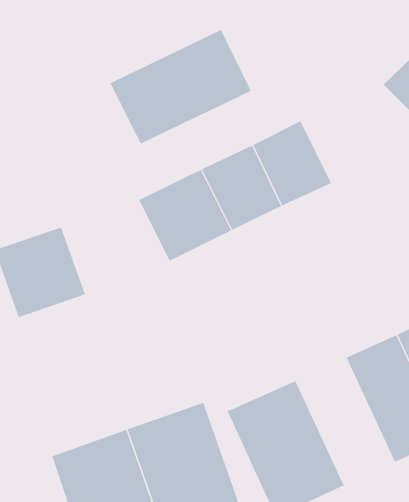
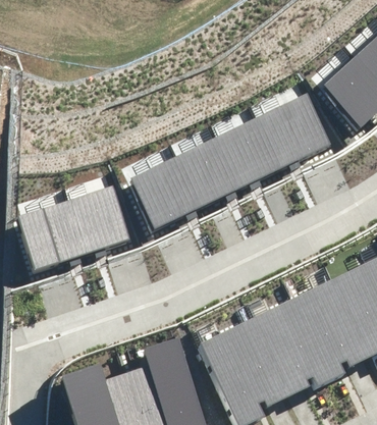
building: [110,29,252,145] -> none
building: none -> [260,93,330,164]
building: none -> [69,180,143,253]
building: none -> [256,303,334,405]

